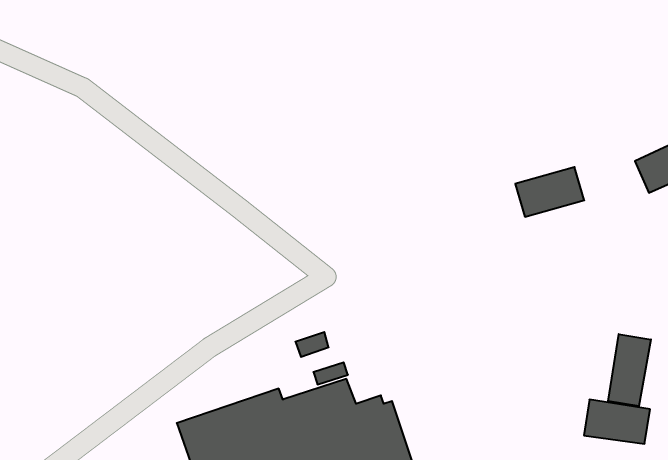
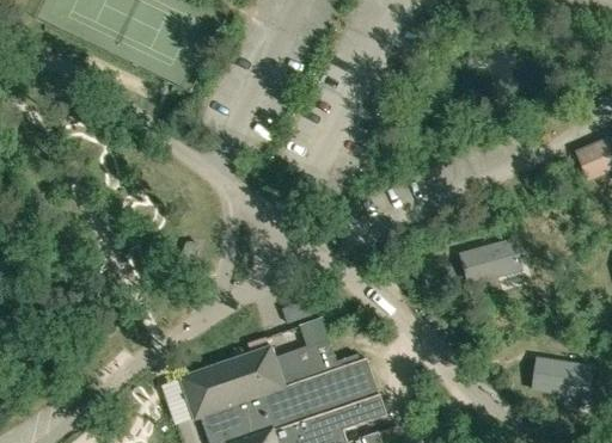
building: [515,167,584,217] -> [459,240,519,283]
building: [608,334,651,406] -> none

